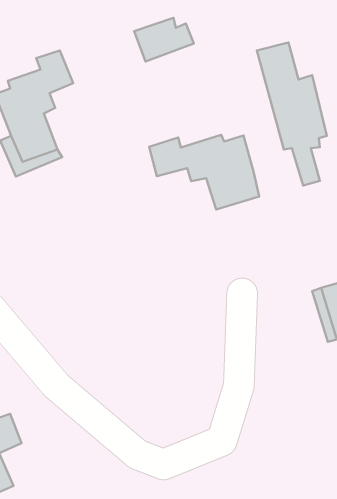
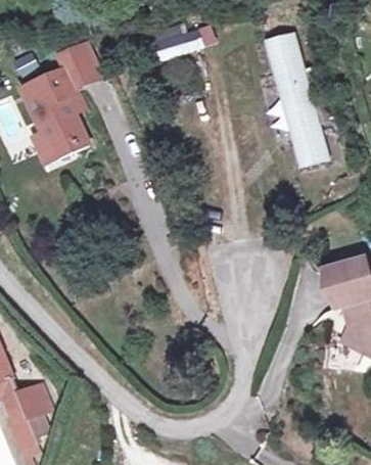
building: [149,135,259,210] -> none

